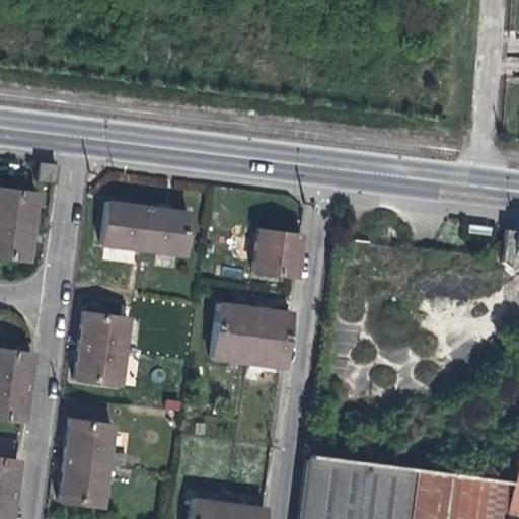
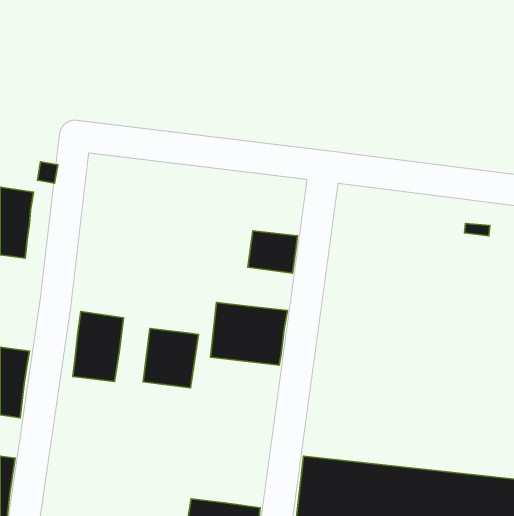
building: [102,203,188,255] -> none
building: none -> [143,328,198,388]
building: [60,420,113,506] -> none

